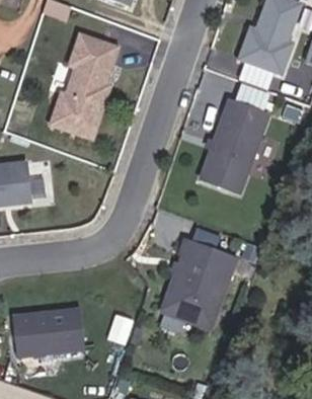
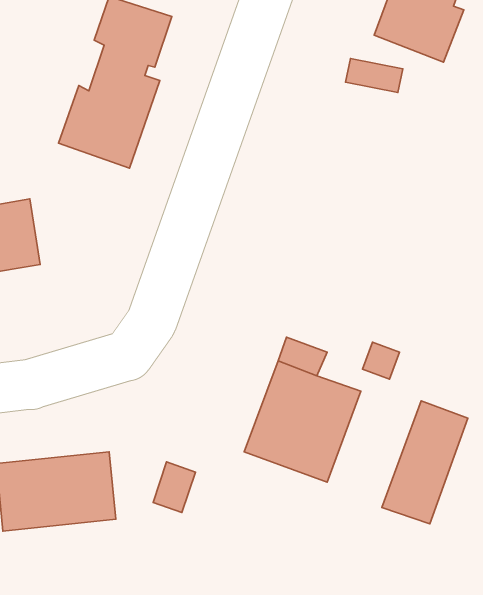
building: [203,100,269,192] -> none
building: none -> [382,401,468,524]

